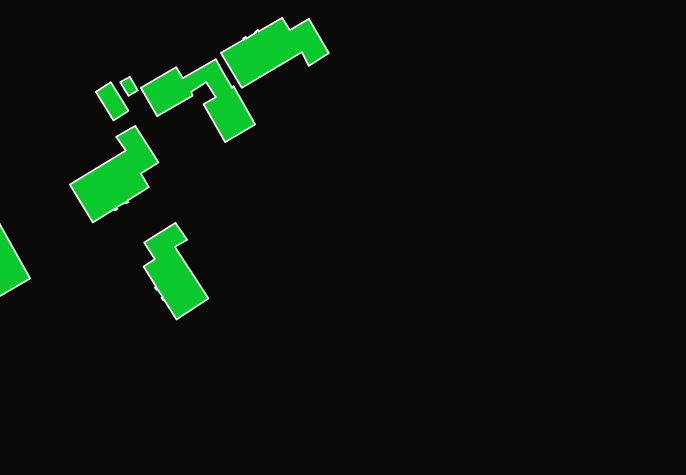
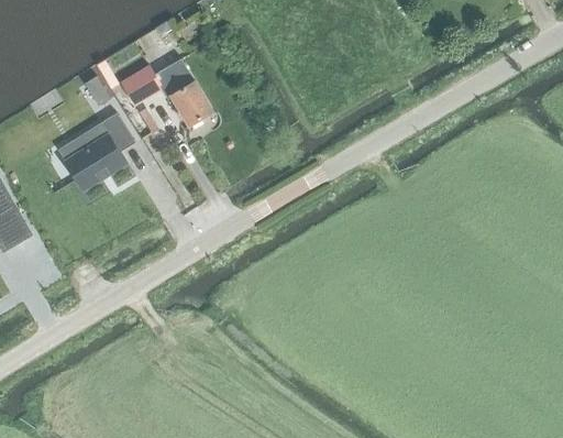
building: [221,18,329,88] -> none
building: [144,223,208,319] -> none

